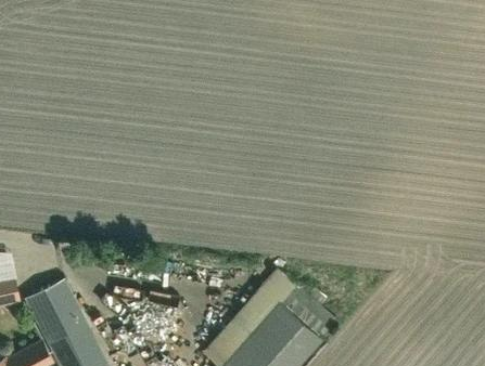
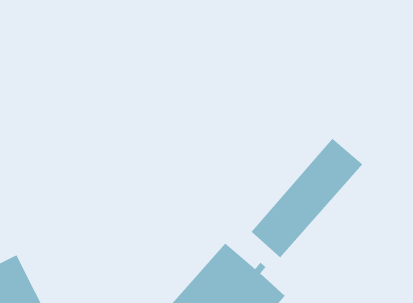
building: none -> [251,138,363,258]

